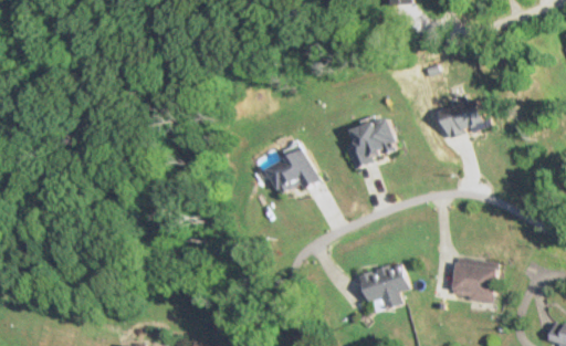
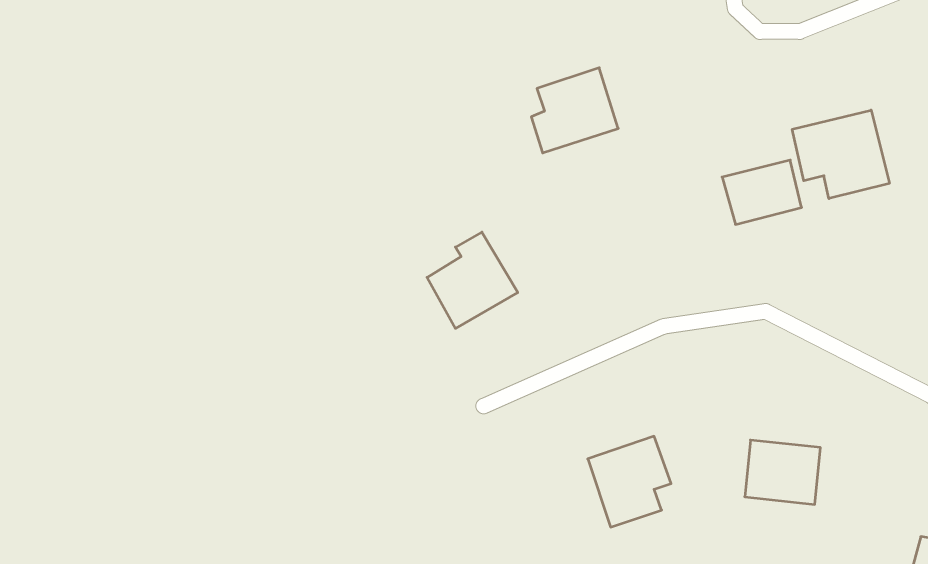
building: none -> [792,110,889,199]
building: [347,115,398,165] -> [531,68,618,153]

